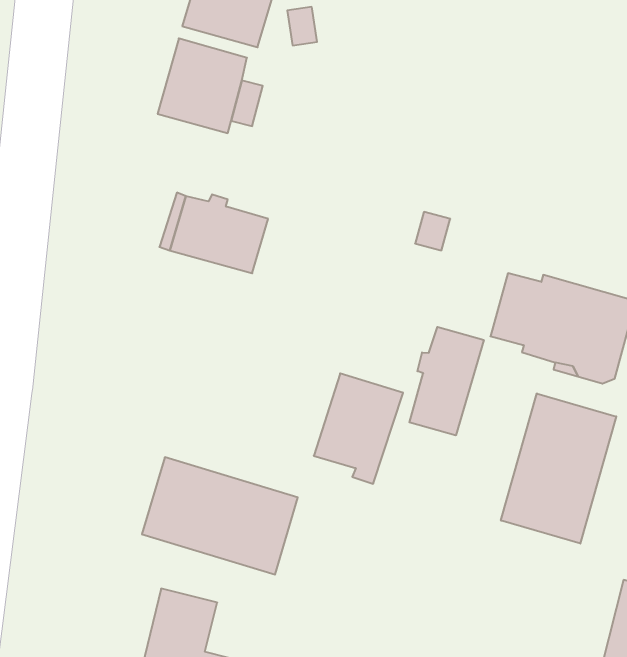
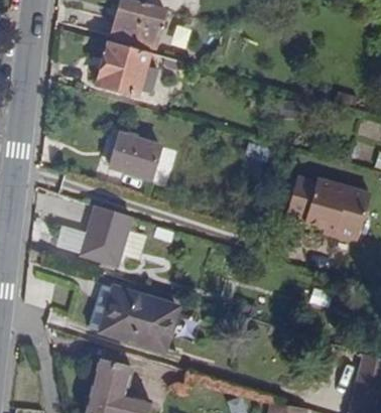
building: [409,327,484,435] -> none
building: [314,373,403,484] -> [81,207,132,270]
building: [501,393,616,544] -> none

